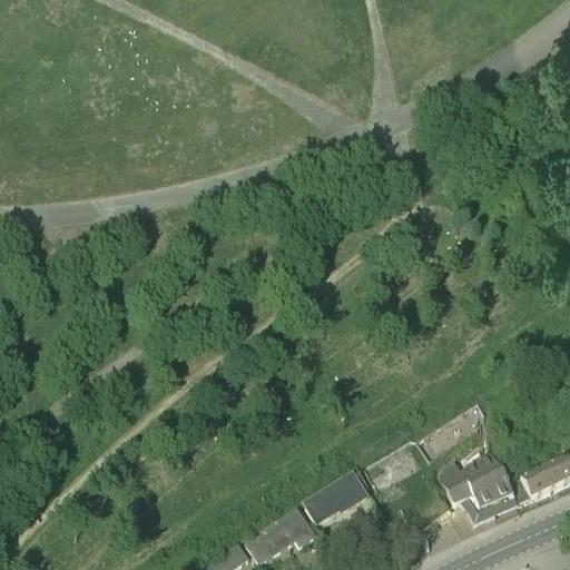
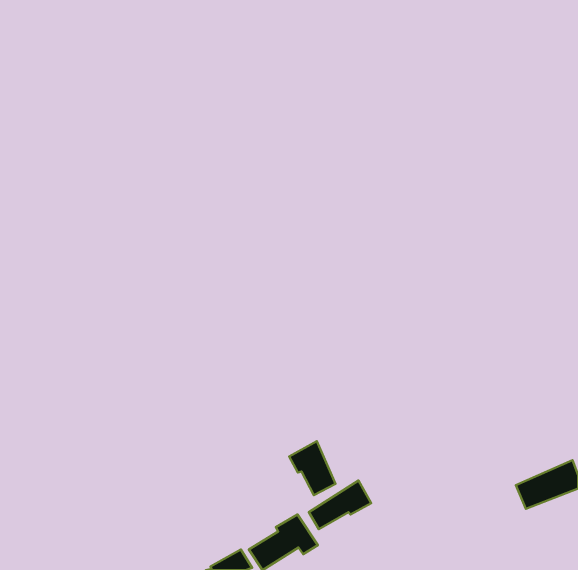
building: none -> [289,441,335,495]
building: [443,456,518,521] -> none

